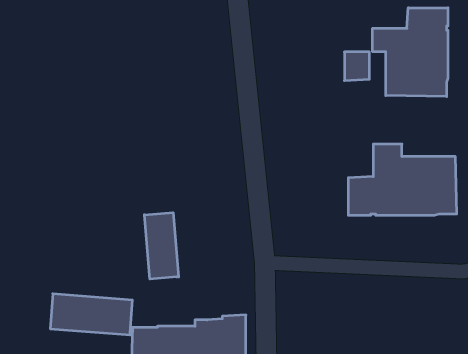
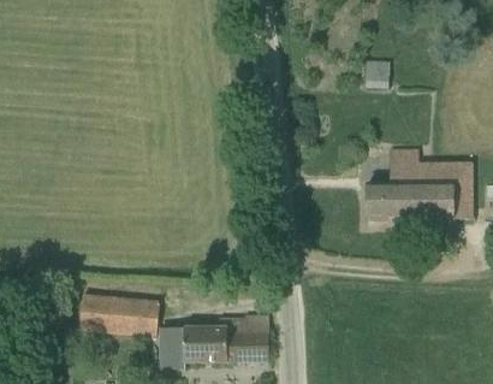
building: [373,8,448,97] -> none
building: [144,213,179,279] -> none

